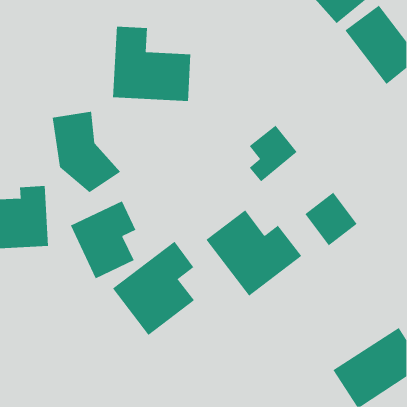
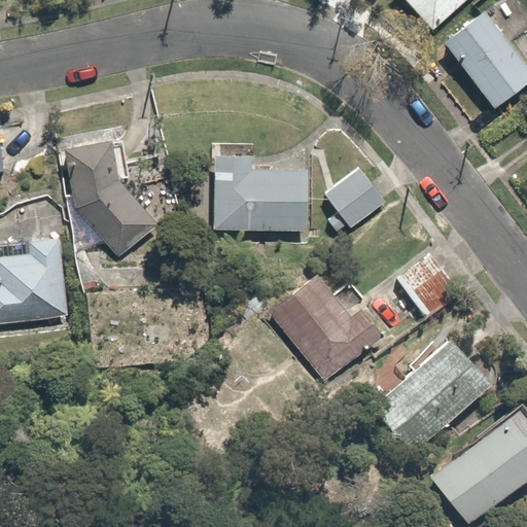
building: [112,26,191,101] -> [210,136,312,233]
building: [70,201,136,279] -> none
building: [112,241,195,336] -> none
building: none -> [368,339,494,457]

